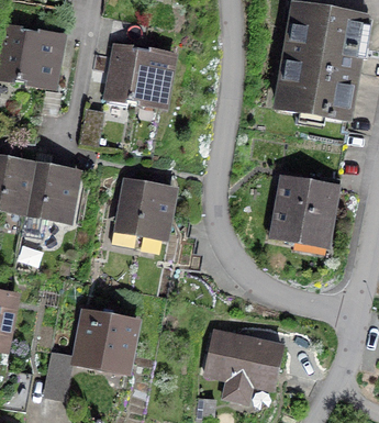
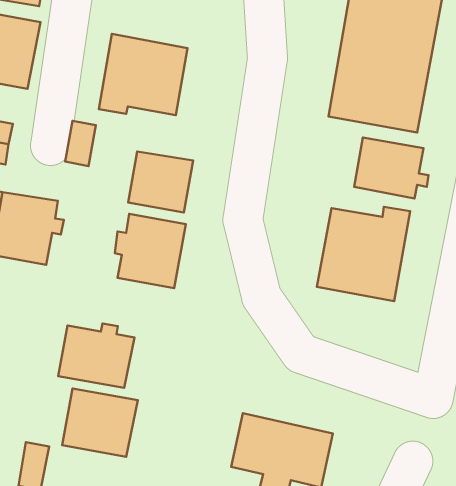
building: none -> [354,138,428,199]
building: none -> [128,152,193,212]
building: none -> [58,324,135,388]

